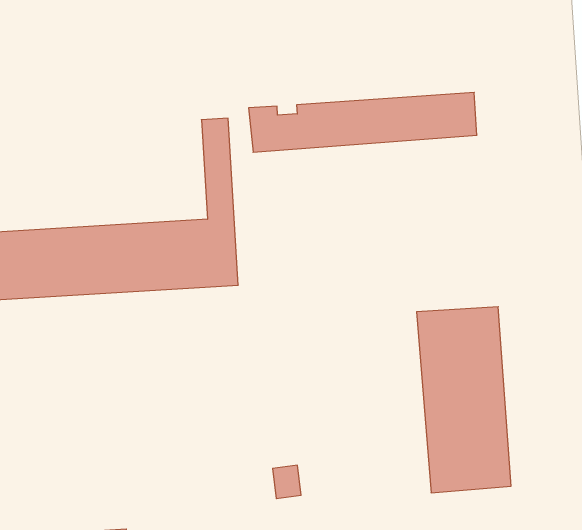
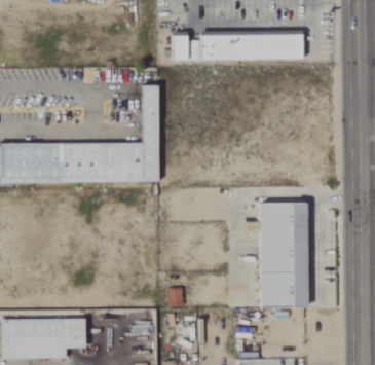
building: [249,92,477,152] -> [172,34,302,61]

